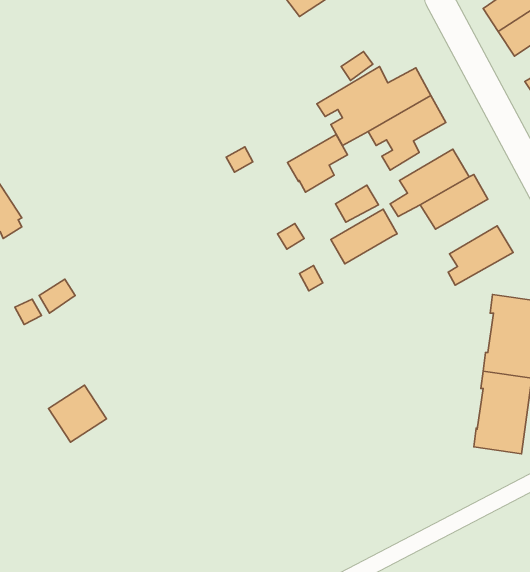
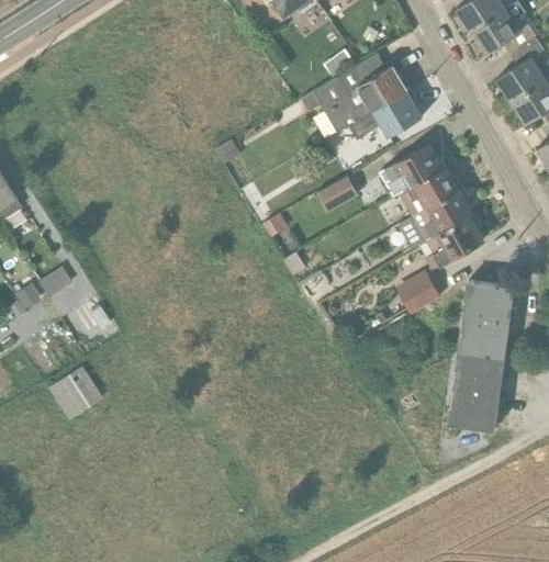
building: [288,134,348,192] -> none
building: [331,209,397,264] -> [412,190,474,241]
building: none -> [394,270,439,314]

